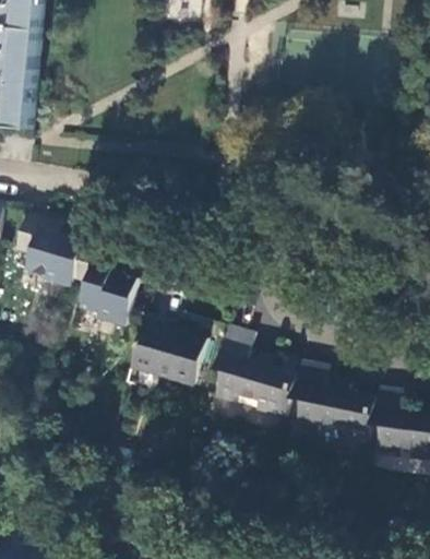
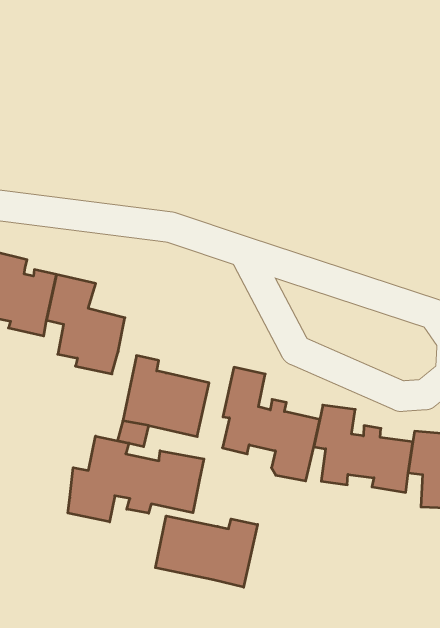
building: none -> [68,436,204,522]
building: none -> [155,516,258,587]

